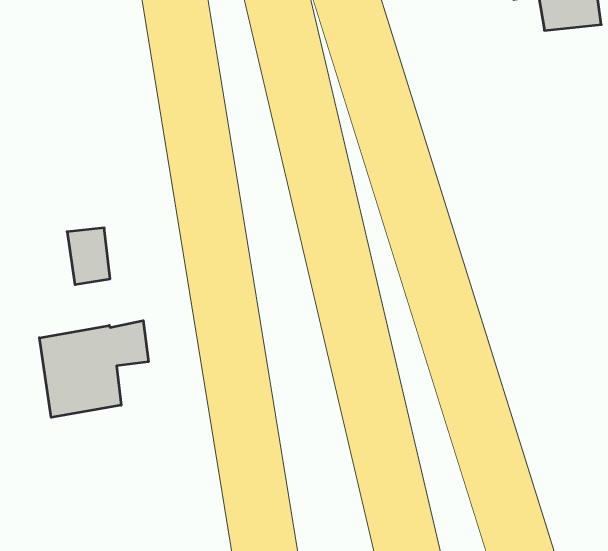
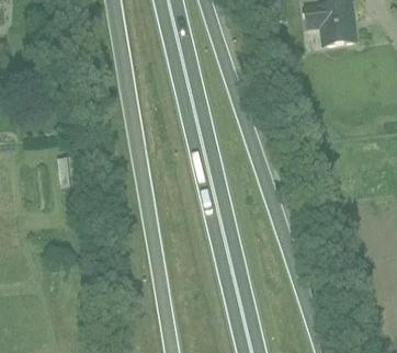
building: [39,321,148,417] -> none

